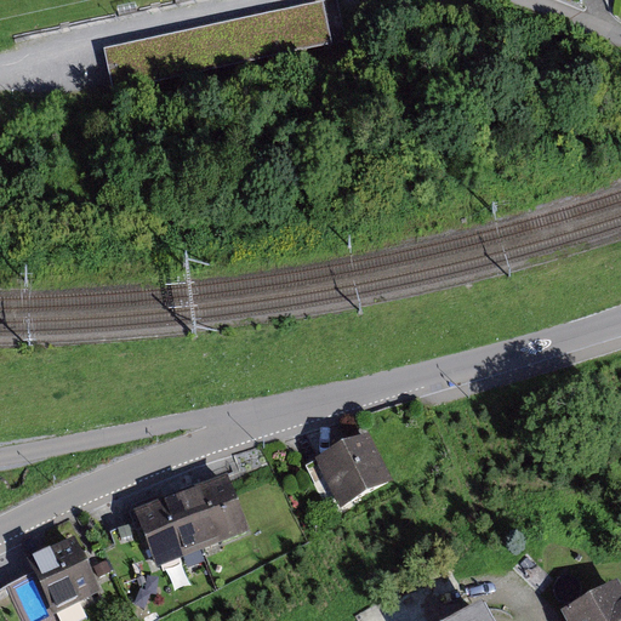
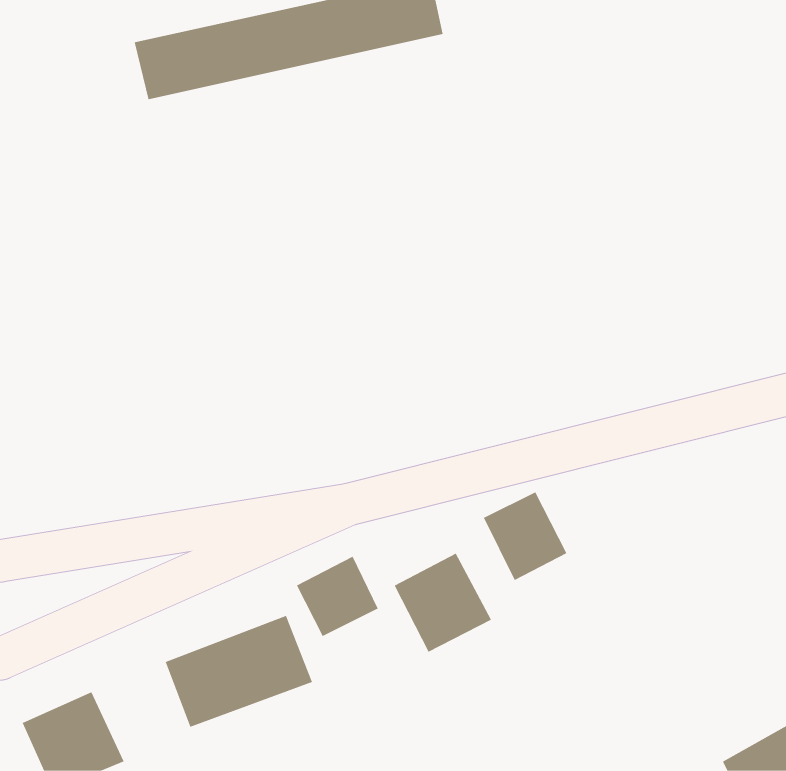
building: none -> [483,491,567,581]
building: none -> [296,556,379,637]

